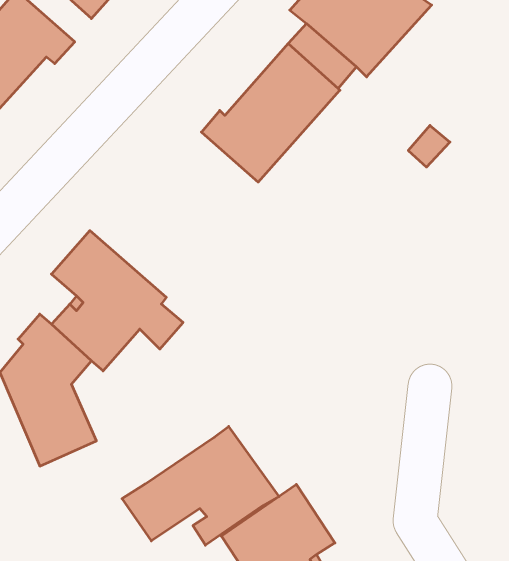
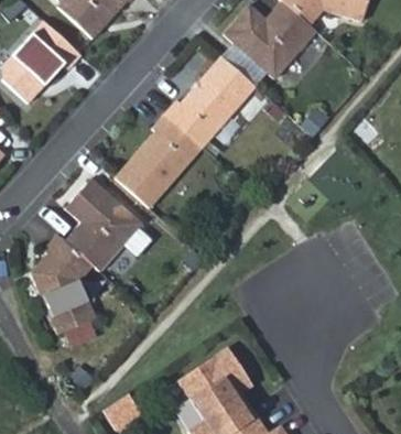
building: none -> [115,113,203,207]
building: [122,426,279,545] -> none

